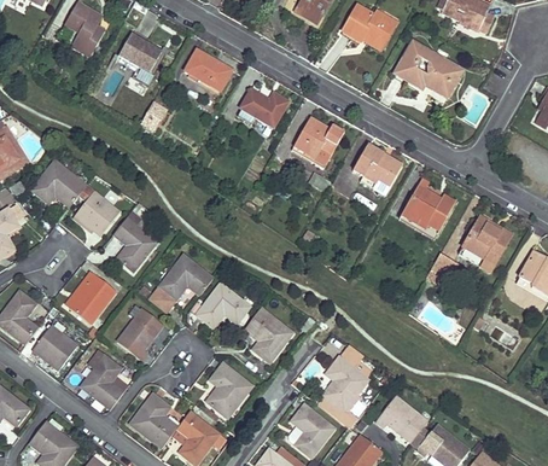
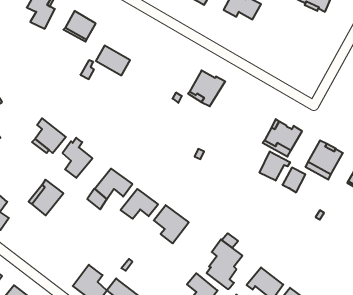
building: [395,42,461,97] -> none
building: [182,49,231,92] -> [96,46,130,75]
building: [241,91,290,128] -> none
building: [352,146,402,187] -> none
building: [31,159,86,206] -> none
building: none -> [260,151,290,181]
building: [118,309,163,361] -> none
building: [34,325,78,369] -> none
building: [82,353,128,408] -> none
building: [209,362,253,418] -> none

